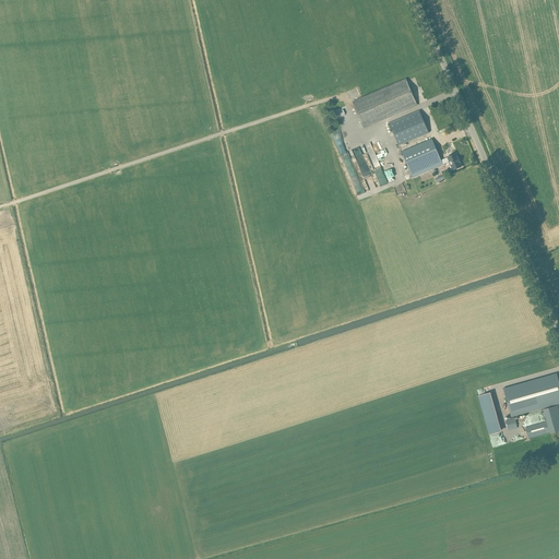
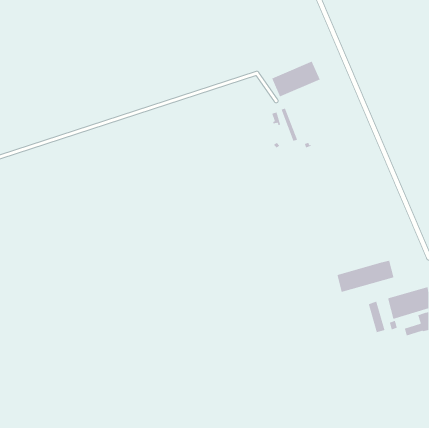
building: [390,109,429,145] -> none
building: [402,138,462,176] -> none
building: none -> [336,260,395,293]

